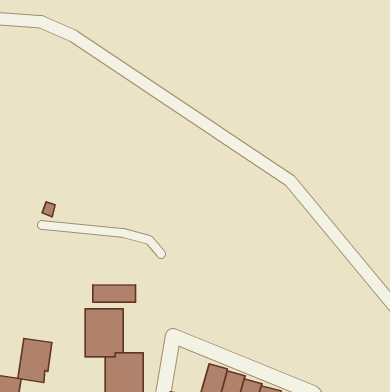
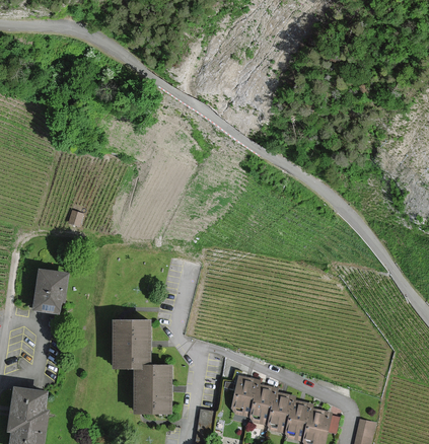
building: [93,285,136,302] -> none
building: [18,338,52,382] -> [32,269,67,313]

